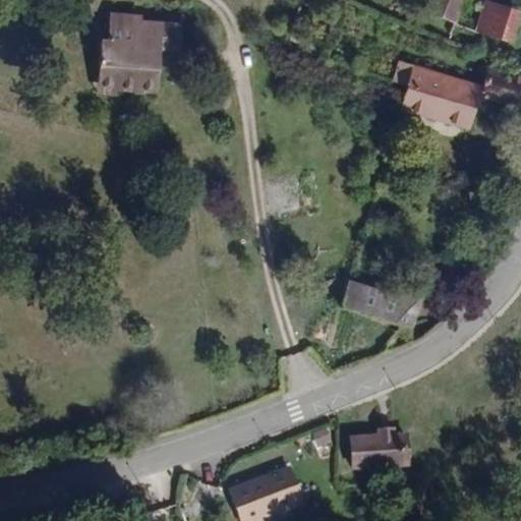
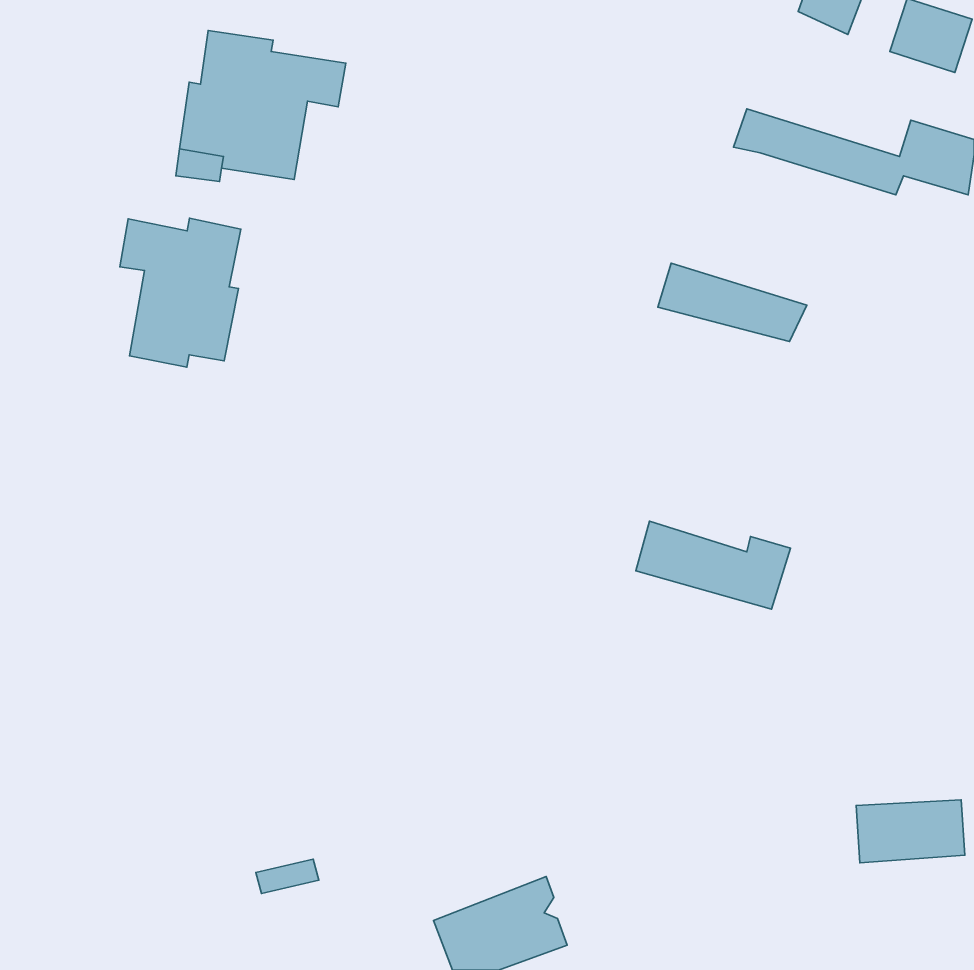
building: [398,81,477,123] -> [658,263,807,341]
building: none -> [120,218,241,367]
building: [352,432,410,466] -> [856,800,965,863]

